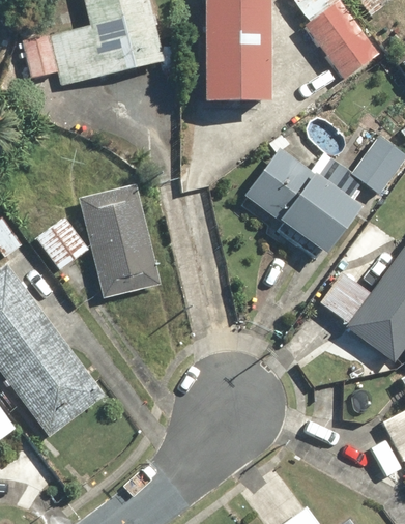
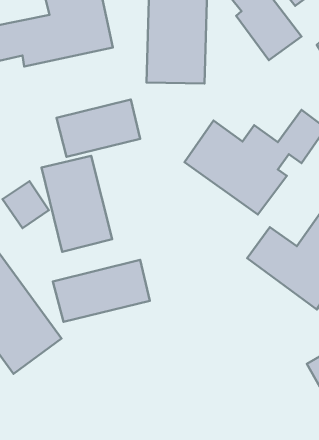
building: none -> [56,99,140,157]
building: none -> [53,260,150,322]

